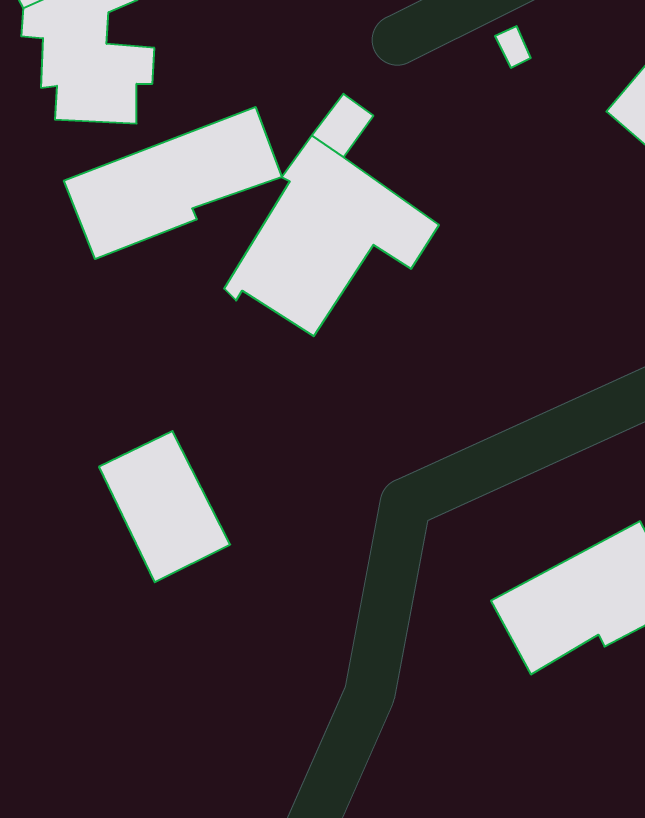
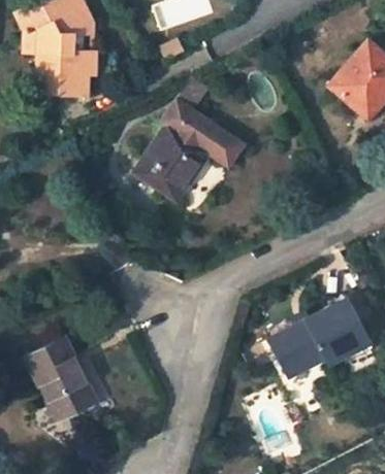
building: [64,107,282,259] -> none
building: [99,431,230,582] -> [28,339,96,417]

